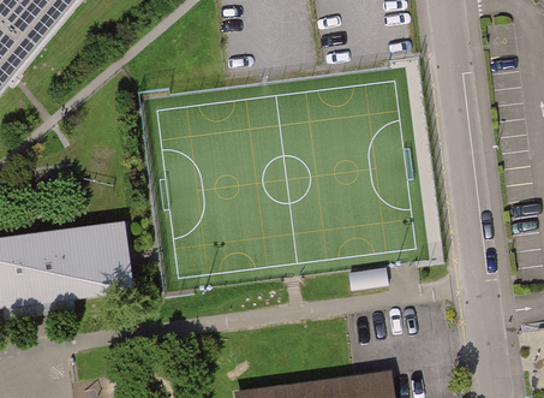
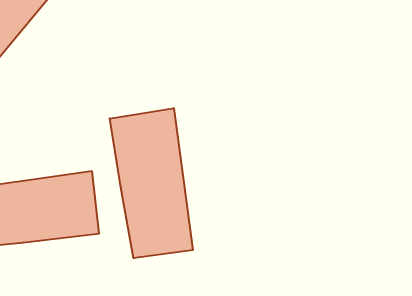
building: none -> [110,108,193,258]

